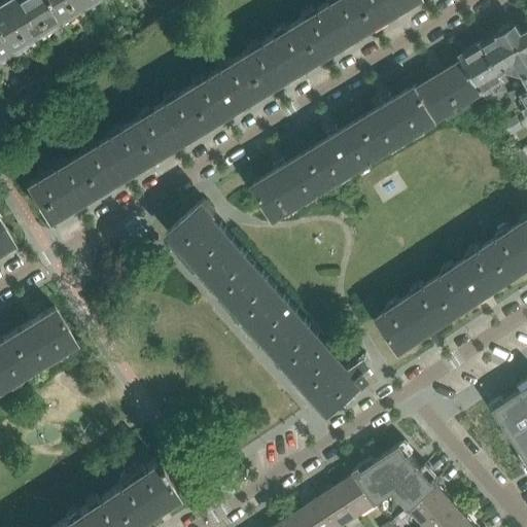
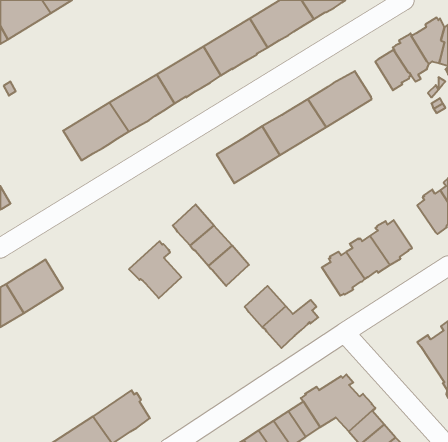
building: [418,79,461,124] -> none
building: [27,161,96,224] -> none
building: [168,205,230,272] -> [129,241,181,298]
building: [462,248,514,298] -> none
building: [266,318,314,367] -> none

